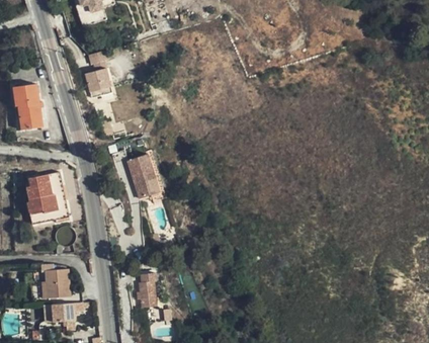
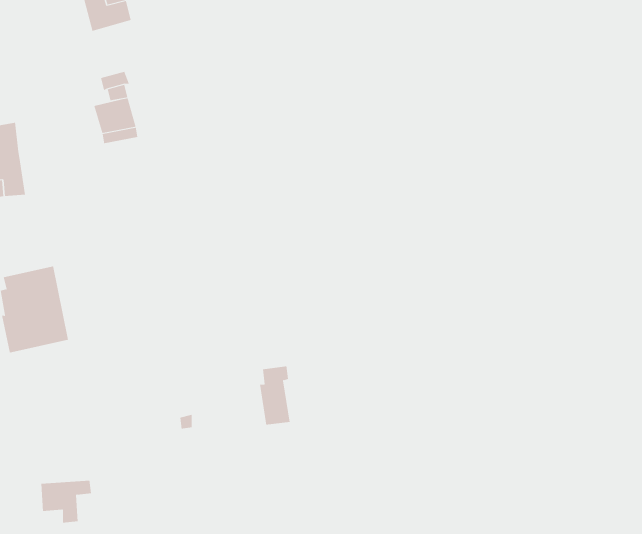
building: [126,152,159,196] -> none
building: [40,263,70,297] -> none
building: [139,270,158,307] -> [259,366,290,425]

